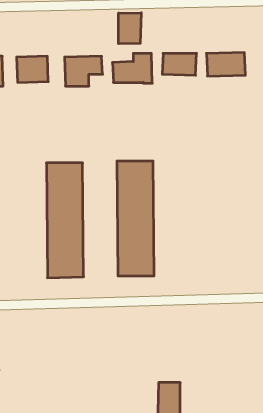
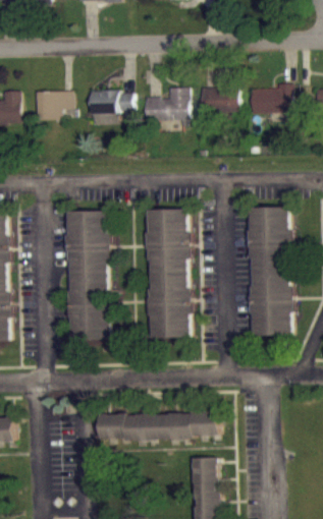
building: [119,13,141,44] -> none
building: none -> [250,207,291,336]
building: none -> [100,412,219,440]

